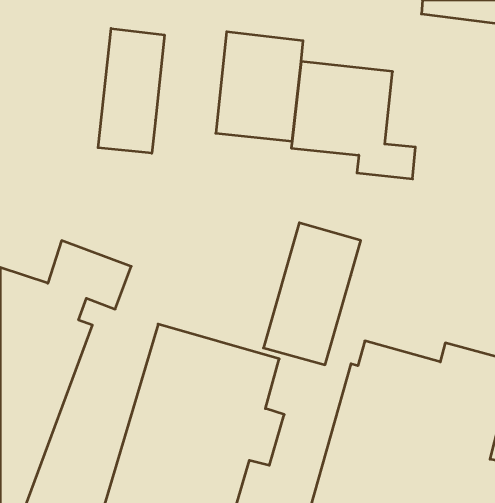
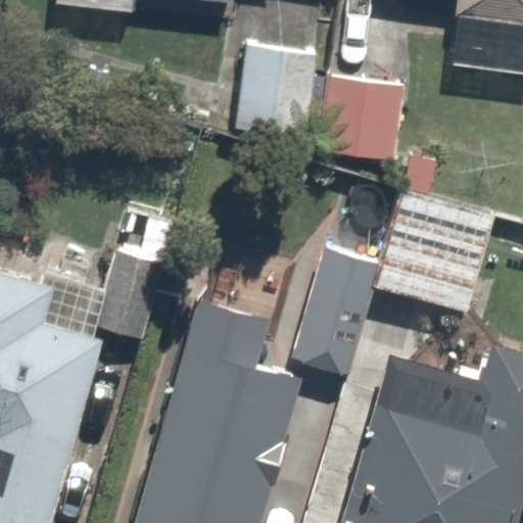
building: [98,28,164,153] -> none
building: none -> [374,189,501,316]

